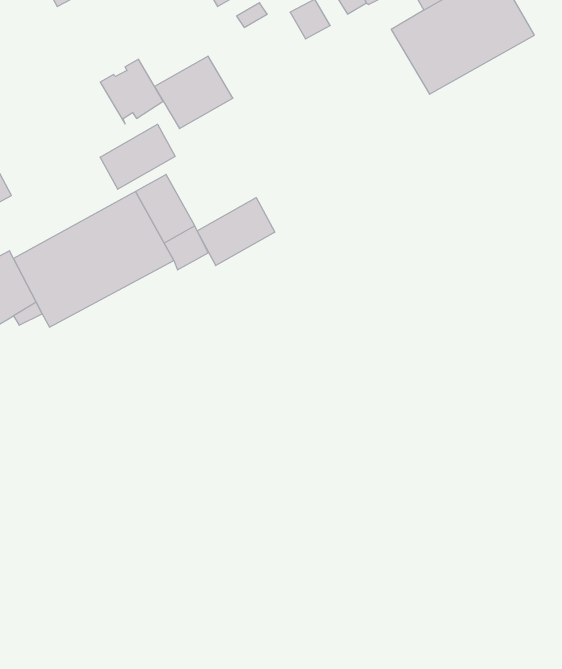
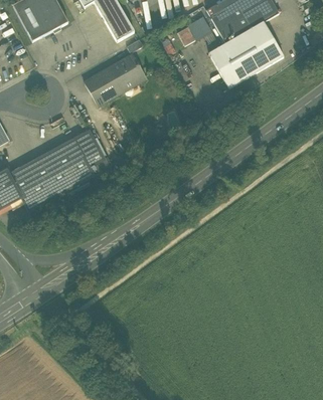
building: [100,59,163,124] -> [111,54,144,88]
building: [100,124,175,189] -> none
building: [197,198,275,266] -> none

